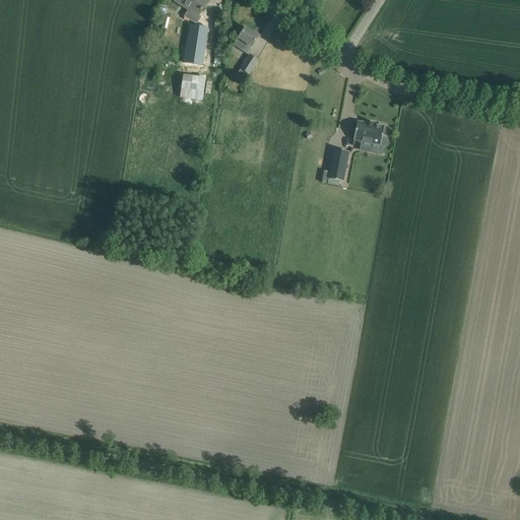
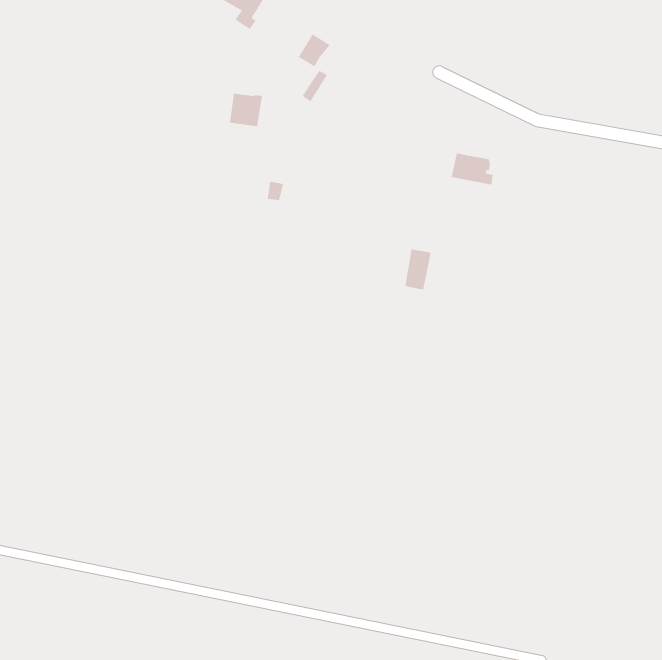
building: [184,24,208,65] -> none
building: [328,148,349,181] -> [404,249,432,290]

